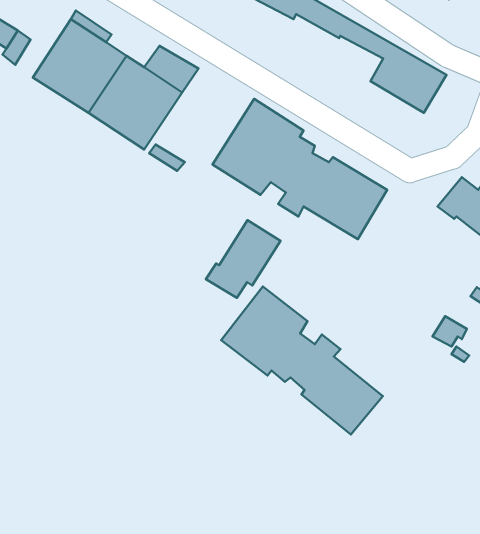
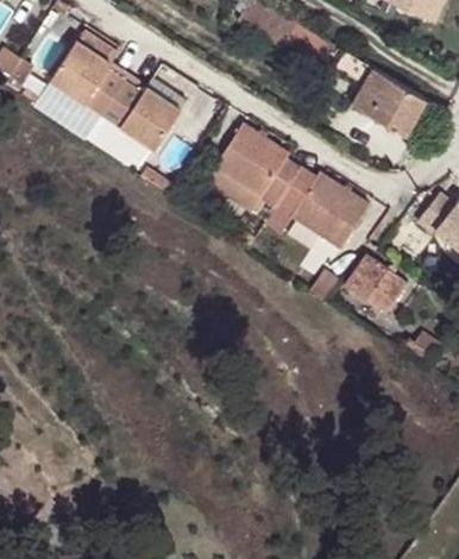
building: [206,220,281,298] -> none
building: none -> [345,255,402,304]
building: [221,286,383,434] -> none

